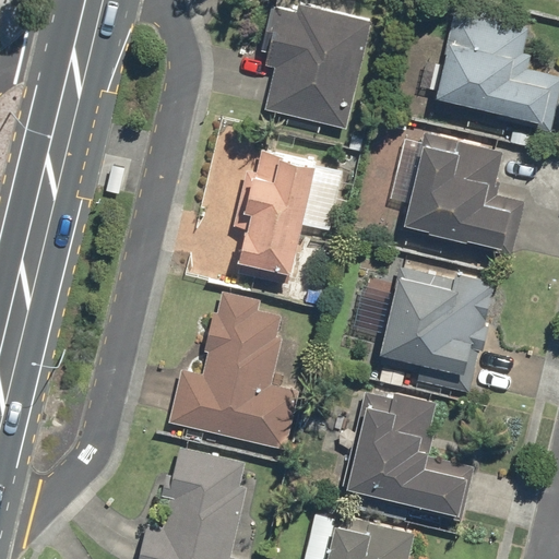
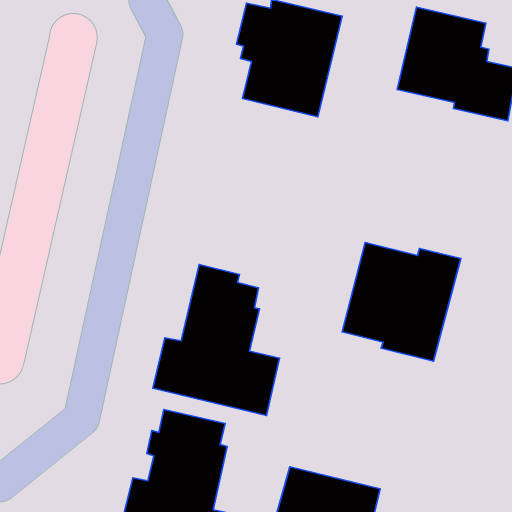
building: [401,132,527,255] -> none
building: [233,150,317,285] -> none
building: [341,383,477,523] -> none

